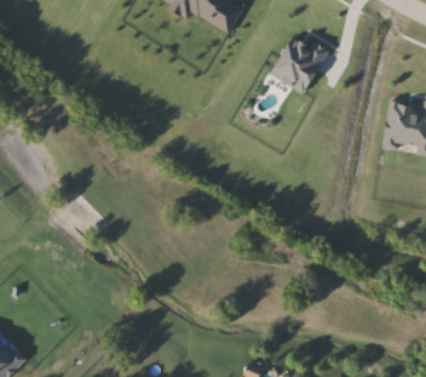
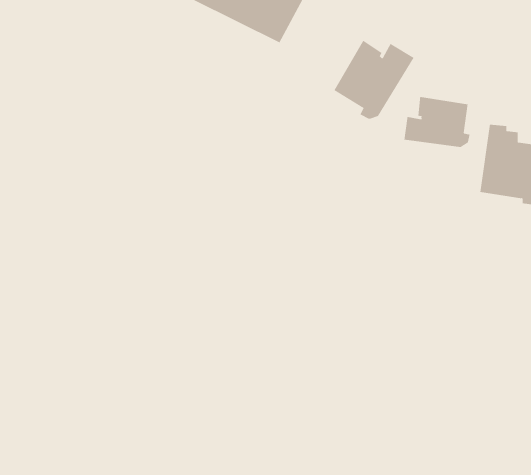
building: none -> [404,96,470,148]

